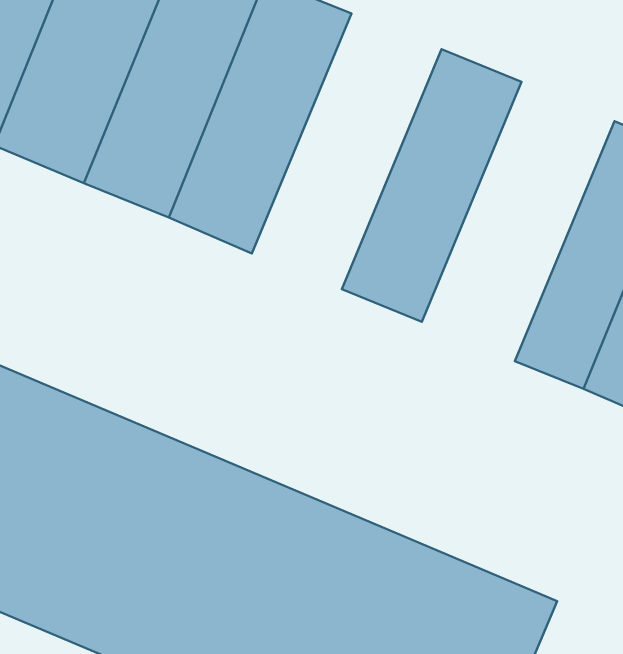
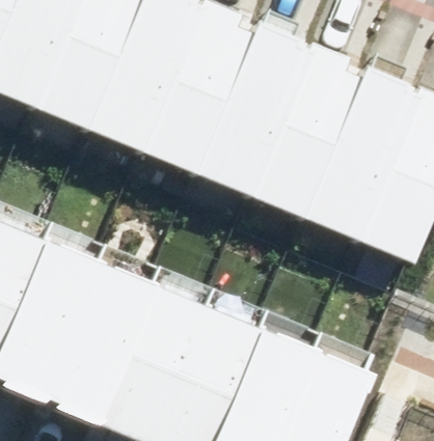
building: none -> [178,10,298,186]
building: none -> [286,54,408,231]

